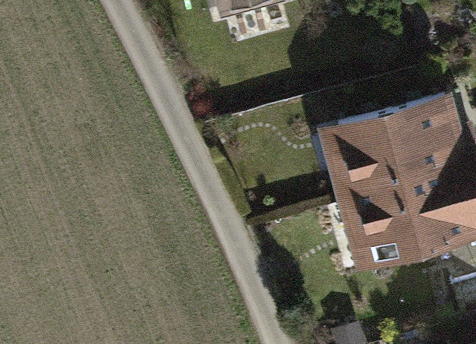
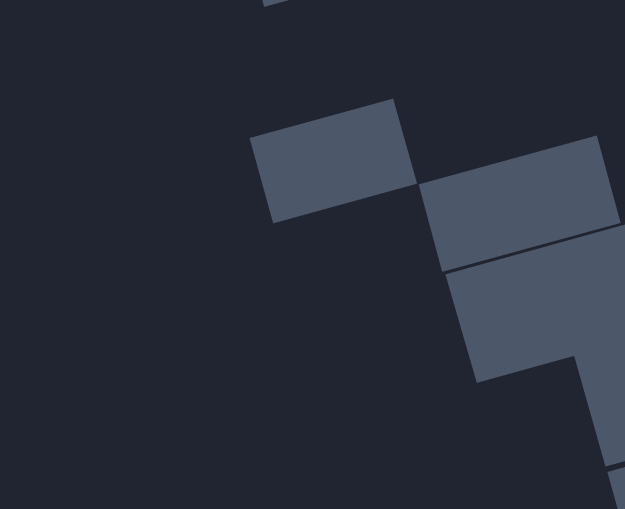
building: none -> [249,98,418,224]

